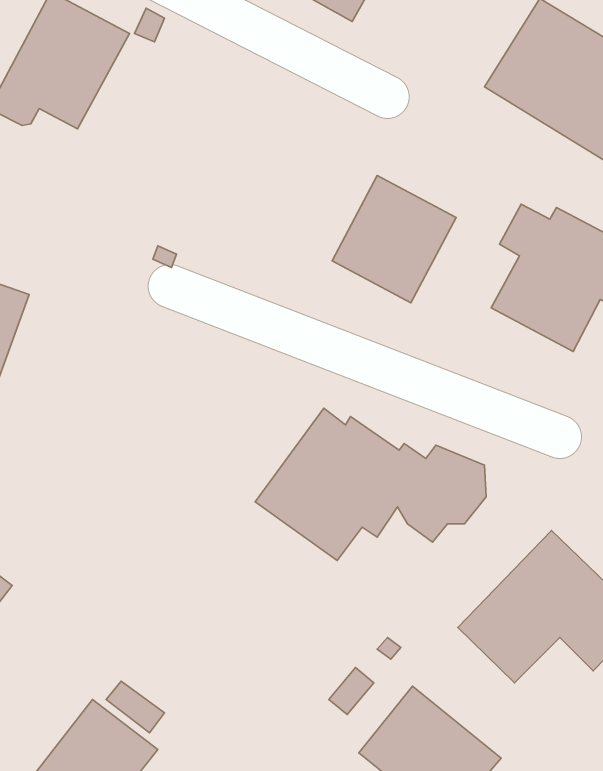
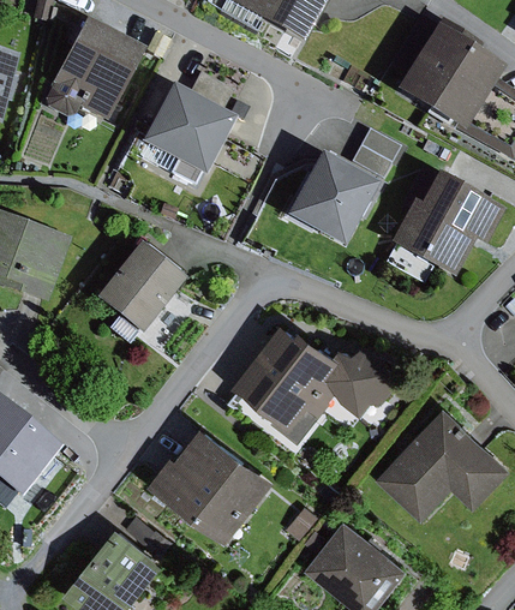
building: none -> [140,72,233,177]
building: none -> [352,132,397,178]
building: none -> [95,245,184,335]
building: none -> [149,429,274,544]

